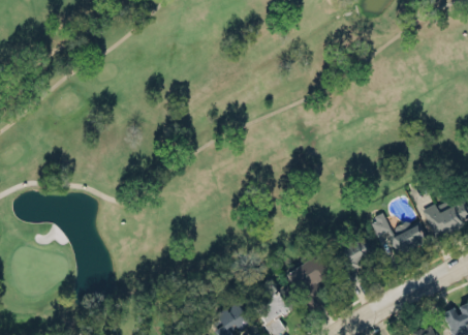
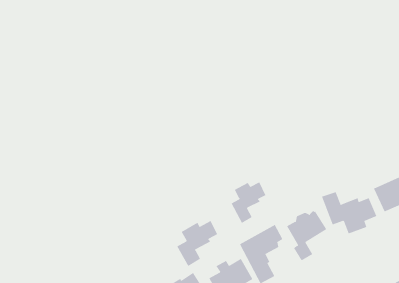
building: none -> [231,182,266,224]
building: none -> [177,220,218,267]

